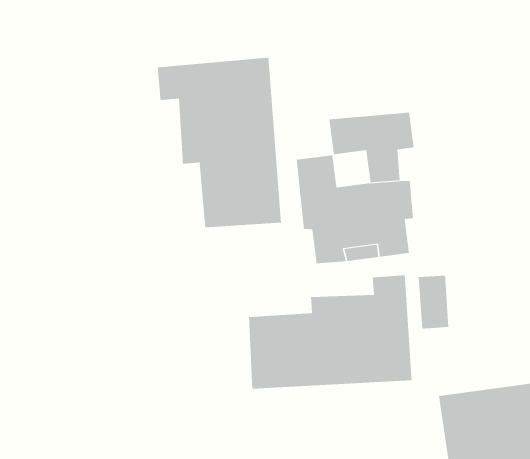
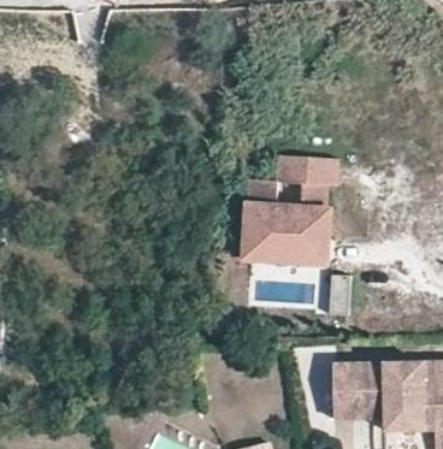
building: [157,57,282,228] -> none
building: [249,275,412,390] -> none

